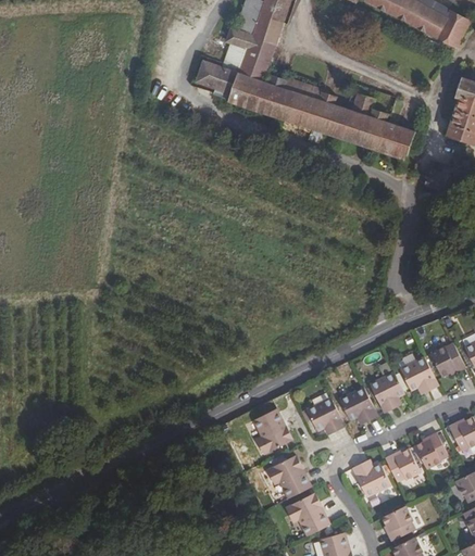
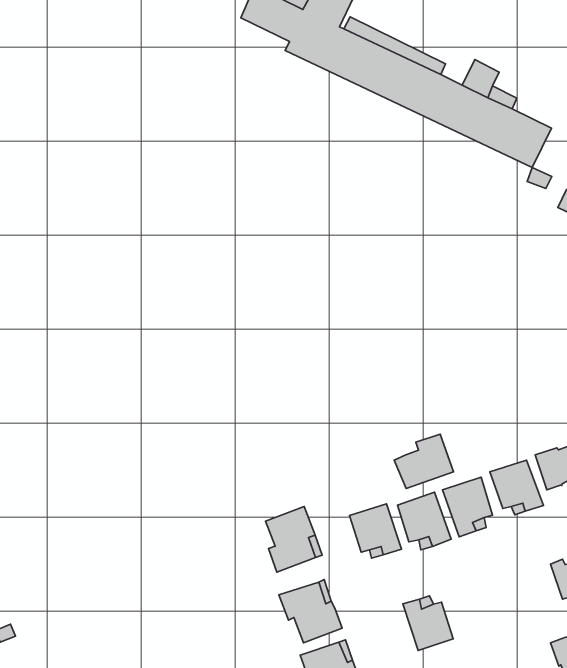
building: none -> [394,434,453,489]
building: [414,432,446,468] -> none
building: [384,448,418,480] -> none

